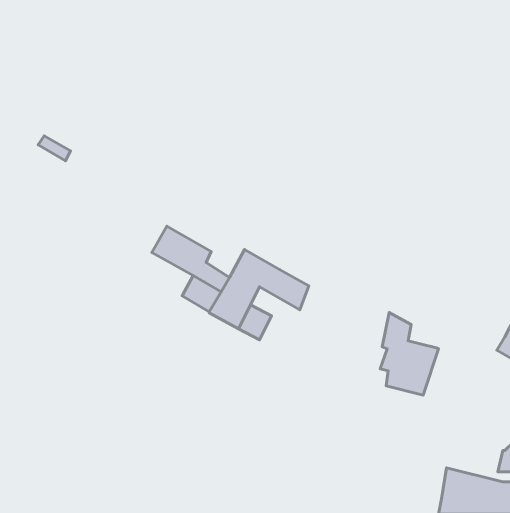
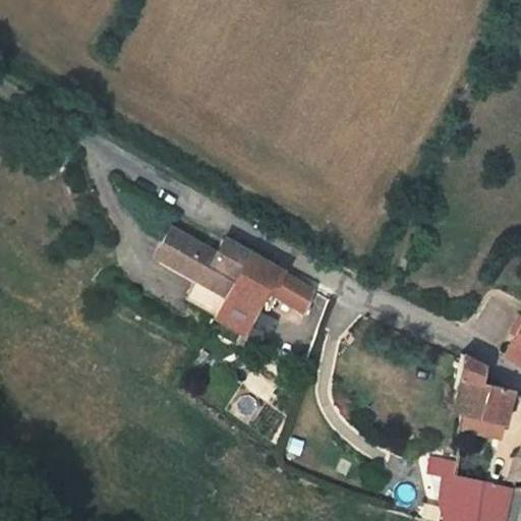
building: none -> [213,239,251,282]
building: [380,313,438,395] -> [455,354,514,438]
building: none -> [433,459,458,506]

